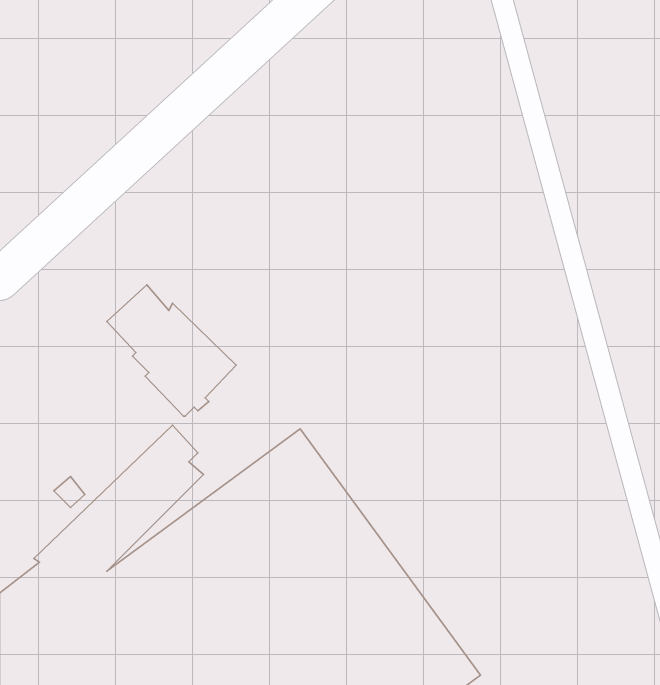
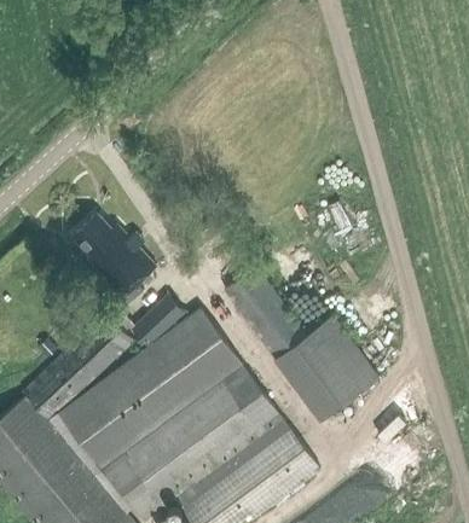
building: none -> [224,267,381,422]
building: none -> [132,295,186,347]

